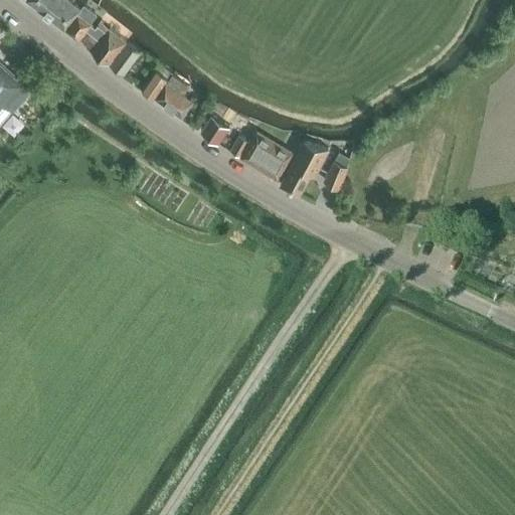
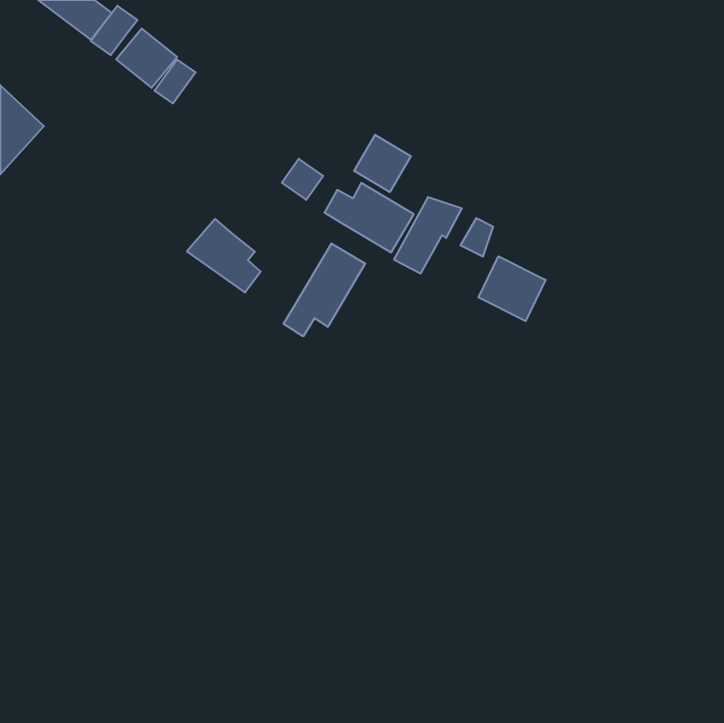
building: [141,65,193,118] -> [187,219,261,293]
building: none -> [354,135,411,192]
building: none -> [284,243,365,336]
building: none -> [479,256,546,321]

